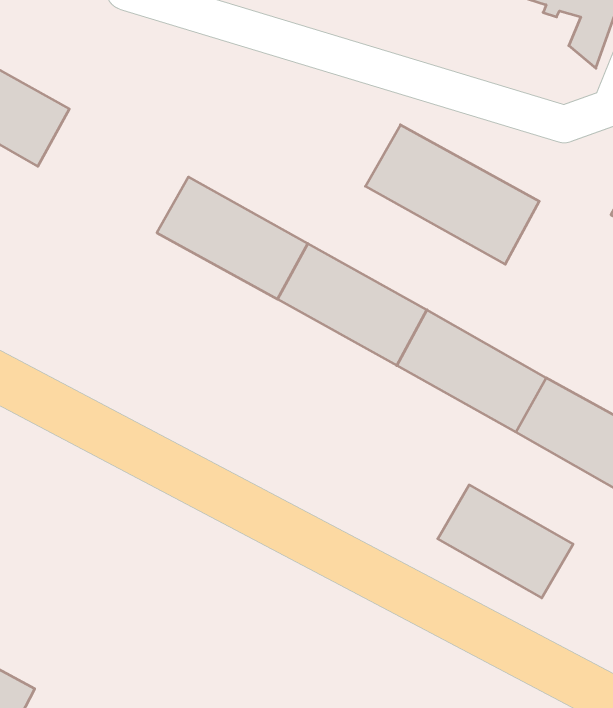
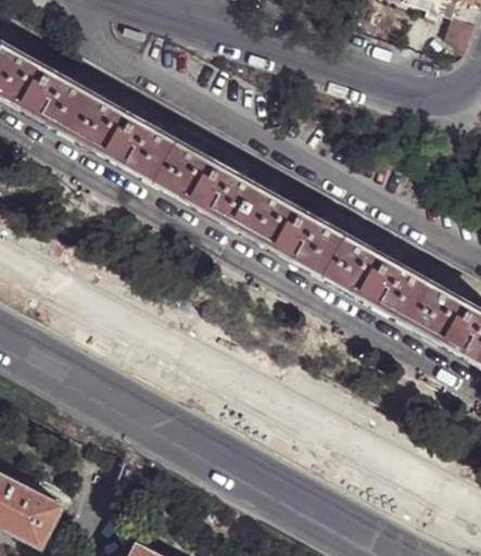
building: none -> [61,87,169,176]
building: [365,125,539,264] -> none
building: [438,485,573,598] -> none

